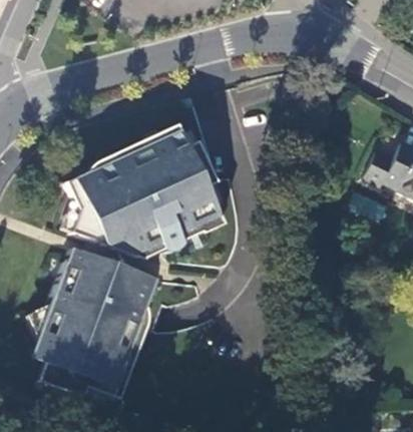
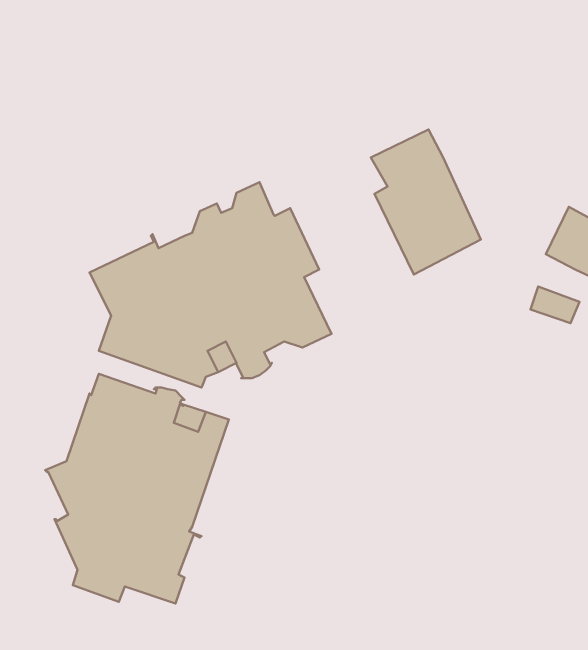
building: none -> [371,130,481,274]

